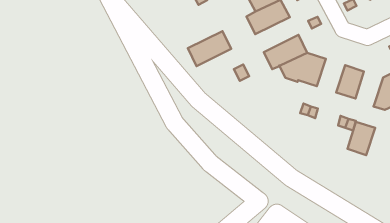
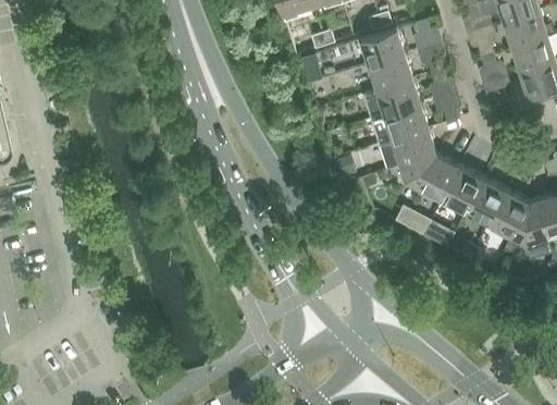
building: [188,31,231,66] -> [371,105,428,145]
building: none -> [441,167,482,212]
building: [347,122,375,155] -> [488,191,529,236]

